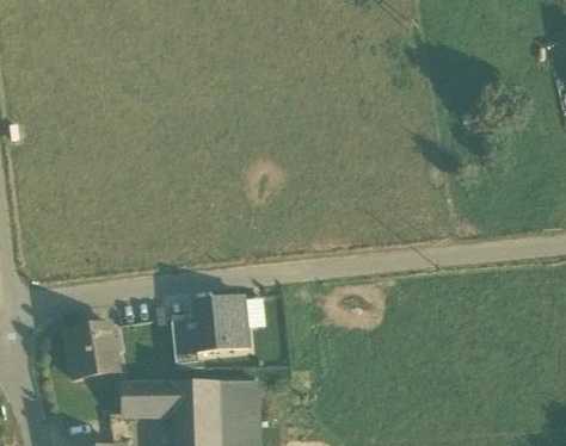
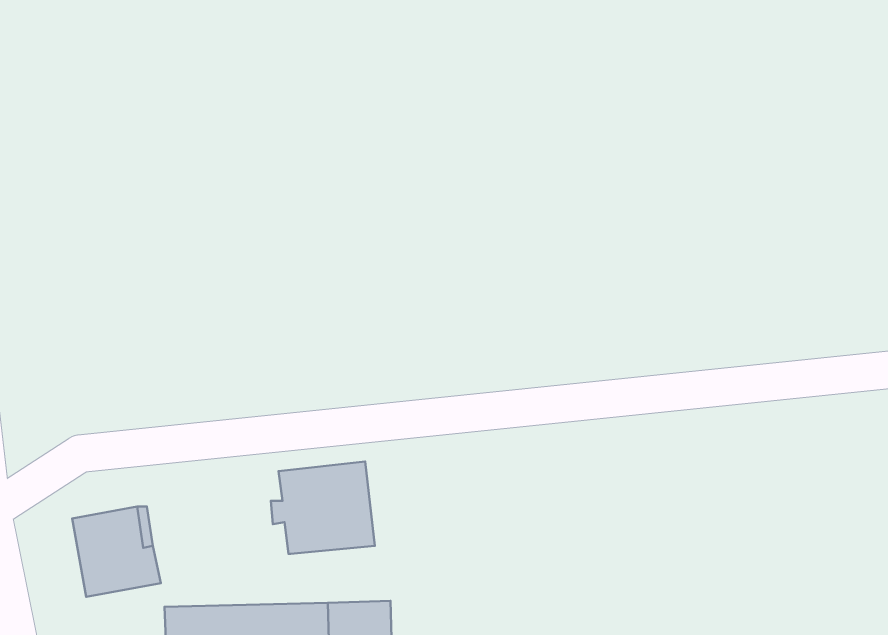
building: [172,318,199,363] -> none

